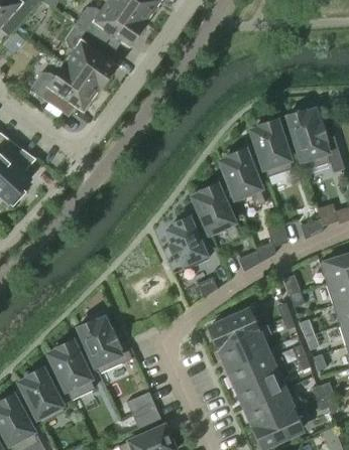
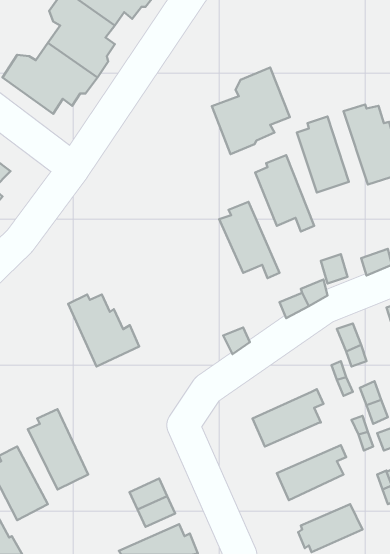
building: none -> [212,68,290,154]
building: [166,216,205,266] -> none
building: [208,307,262,346] -> none
building: [78,319,131,373] -> [68,294,139,367]
building: [227,349,284,388] -> none
building: [245,389,303,427] -> none

